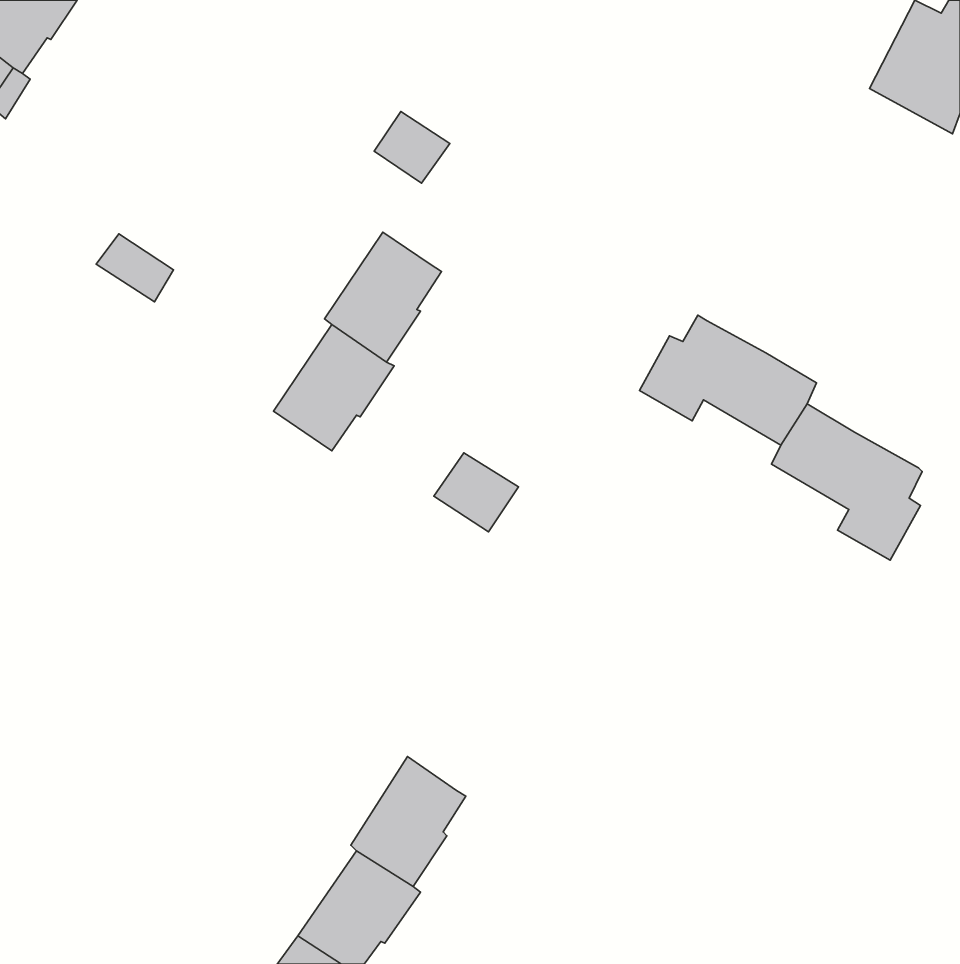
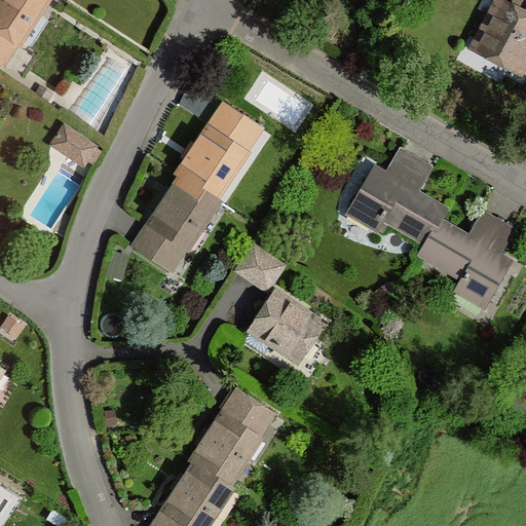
building: [374,112,450,183] -> [209,105,250,144]
building: none -> [385,147,433,192]
building: none -> [465,209,515,255]
building: none -> [134,224,175,263]
building: none -> [251,294,322,360]
building: none -> [222,390,263,430]

